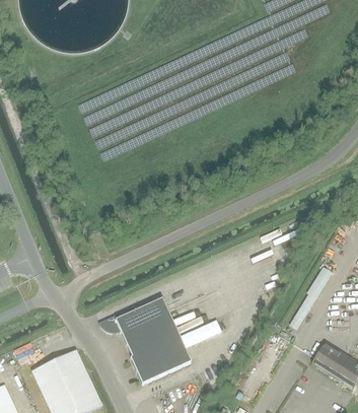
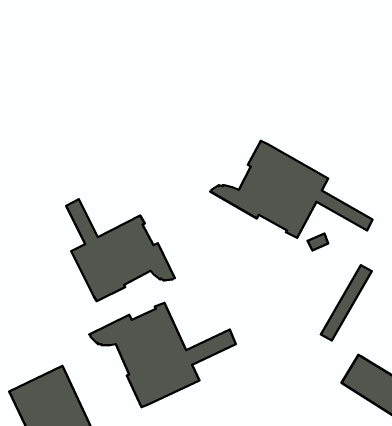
building: none -> [210,141,372,238]
building: none -> [66,199,175,301]

